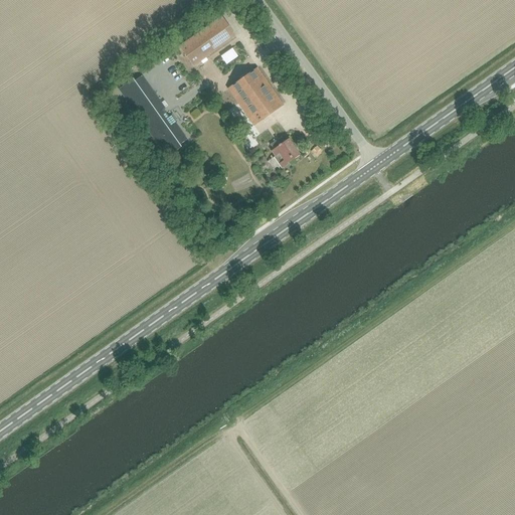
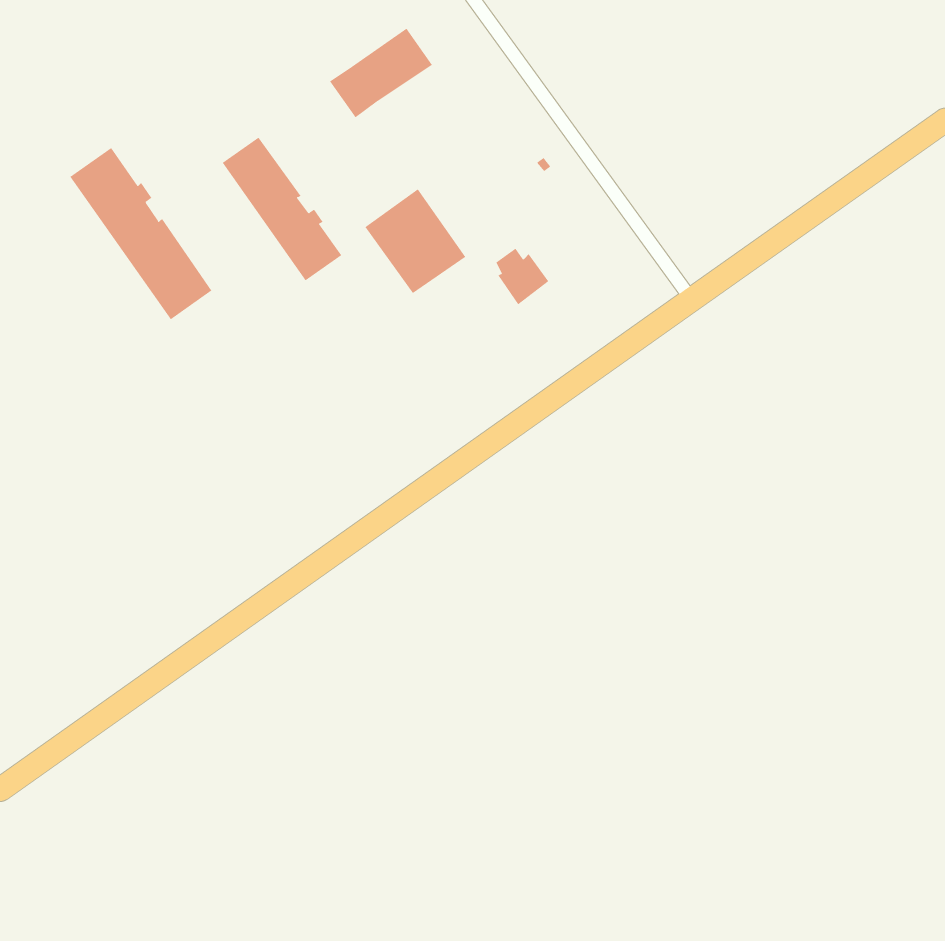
building: [227,66,283,124] -> [364,188,466,294]
building: none -> [70,147,212,320]

